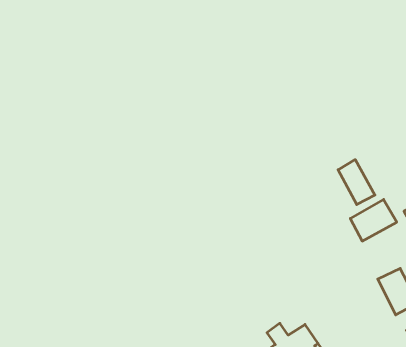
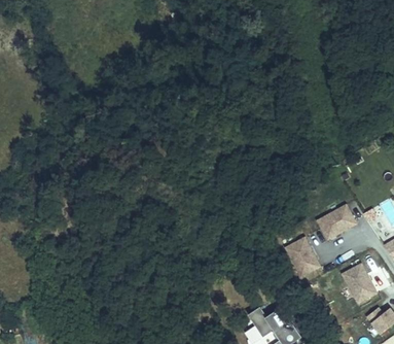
building: [338,160,375,205] -> none
building: none -> [285,236,321,276]

